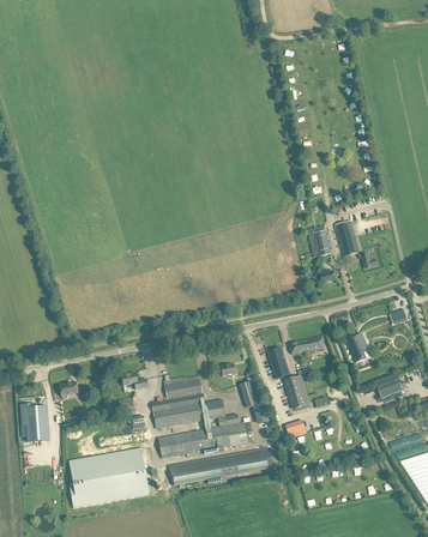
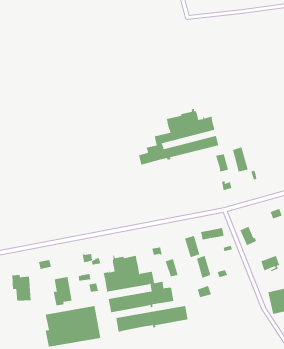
building: none -> [138,108,219,165]
building: none -> [53,276,72,306]

